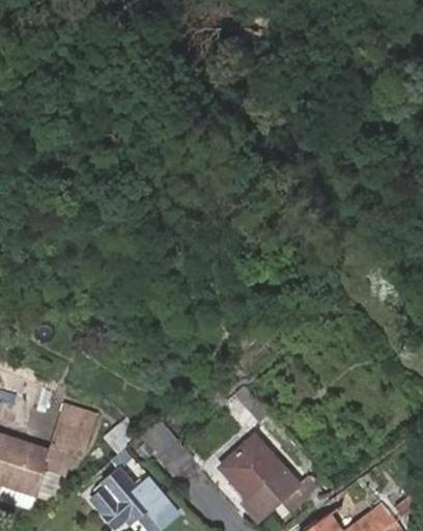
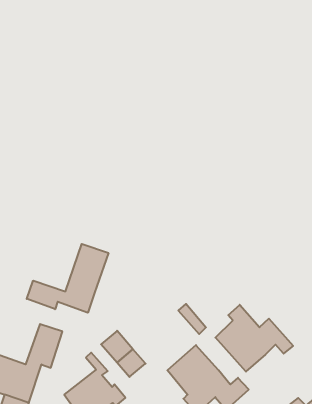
building: none -> [27,244,108,313]
building: none -> [215,305,293,372]

